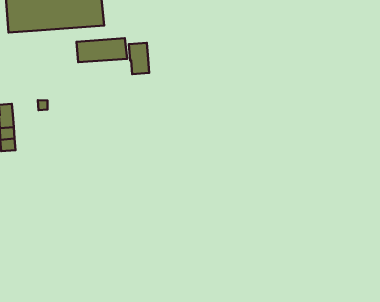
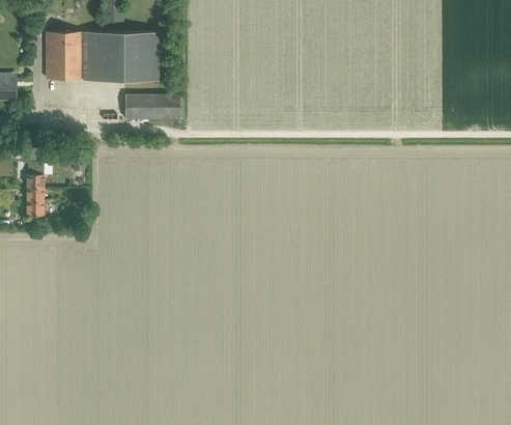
building: [129,43,149,74] -> none

